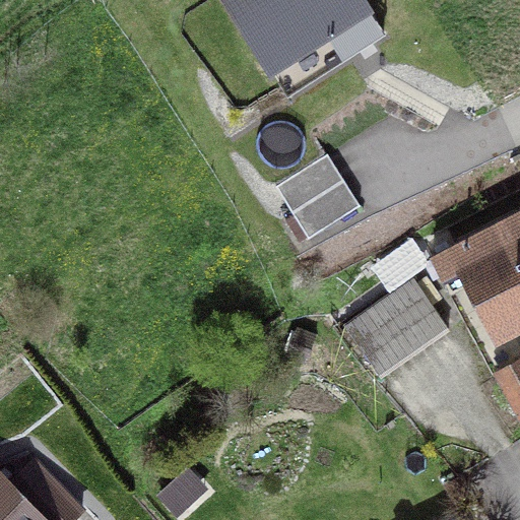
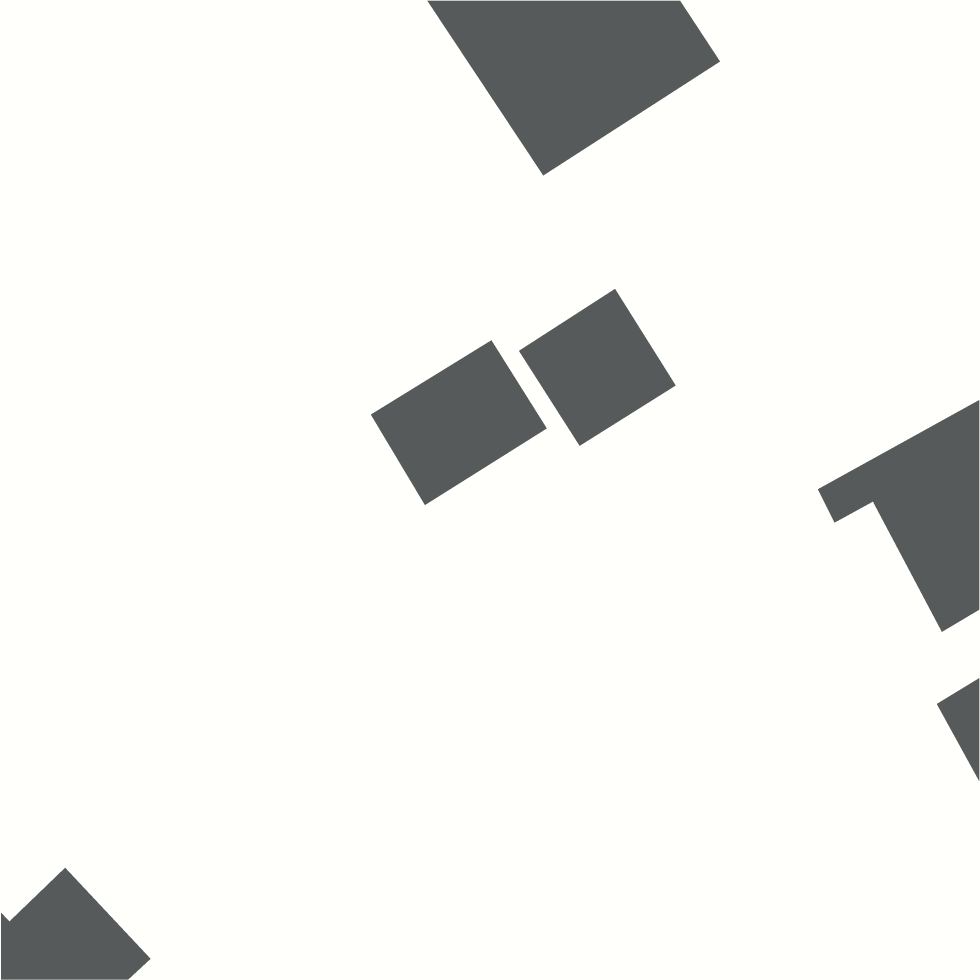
building: none -> [370,339,548,506]
building: [344,277,447,376] -> none

